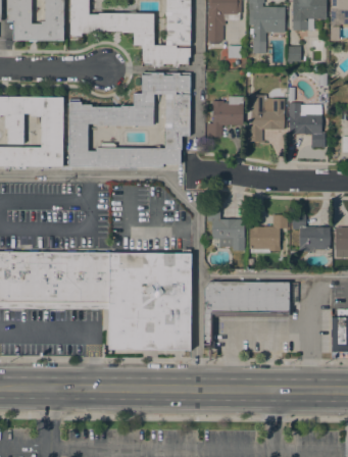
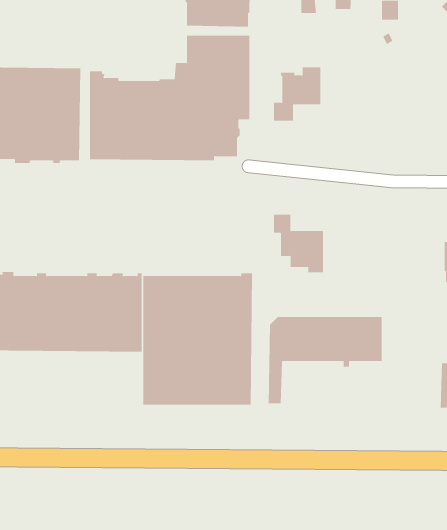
building: [248,94,285,141] -> none
building: [289,102,325,147] -> none
building: [292,213,330,251] -> none
building: [249,214,288,252] -> none

